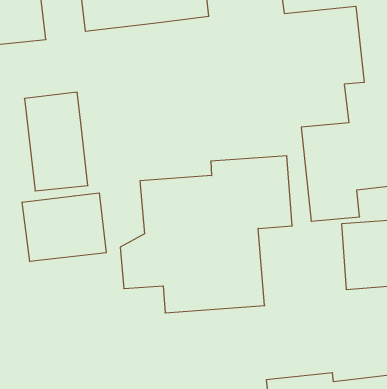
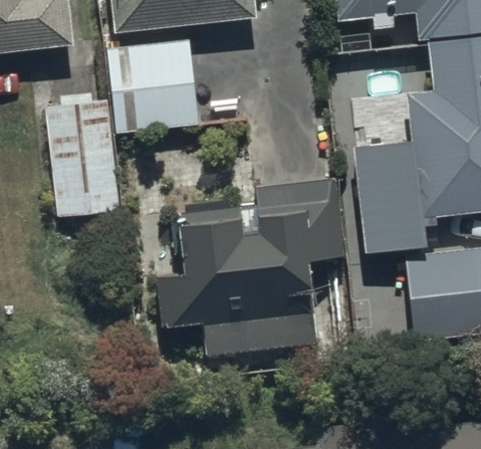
building: none -> [106,29,204,140]
building: [22,193,106,262] -> none

